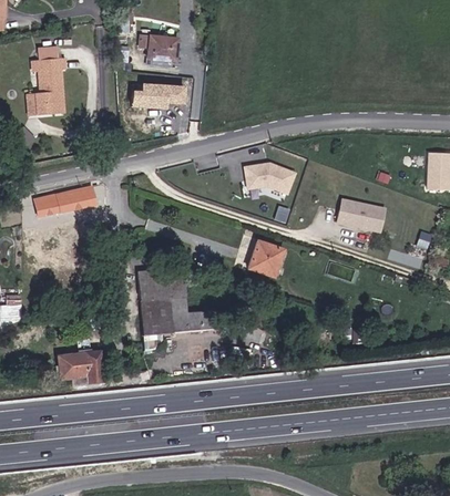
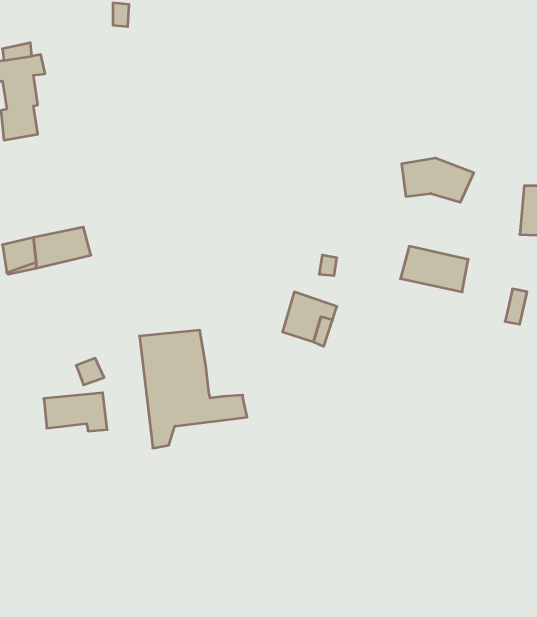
building: [143,37,175,61] -> none
building: [127,84,186,111] -> none
building: [241,163,295,196] -> [402,158,474,202]
building: [58,347,105,375] -> [44,393,107,431]

